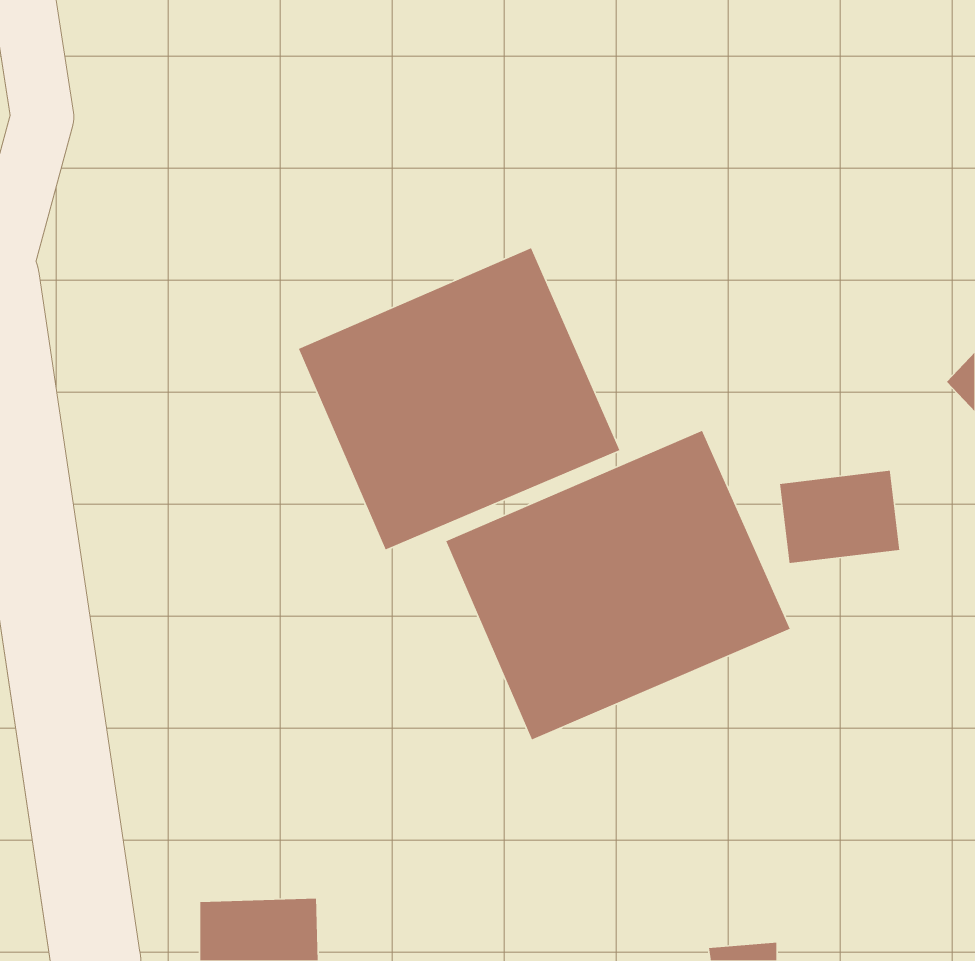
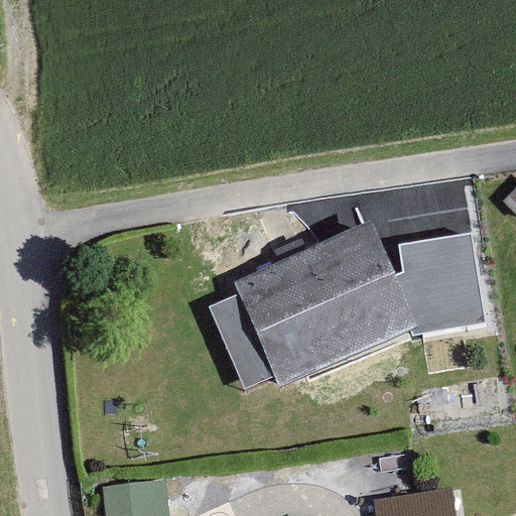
building: [298,247,620,551] -> none

